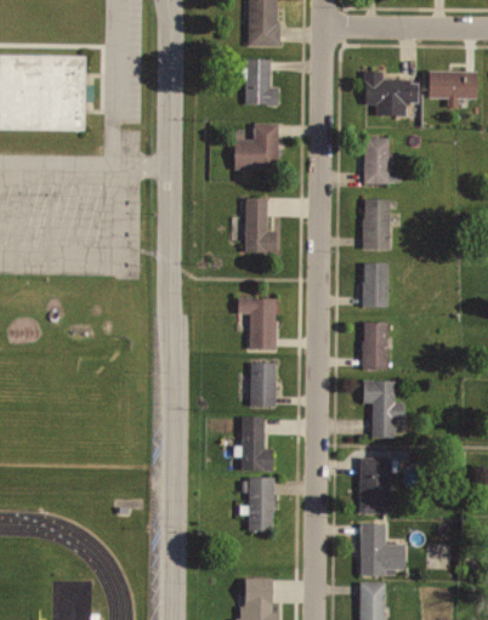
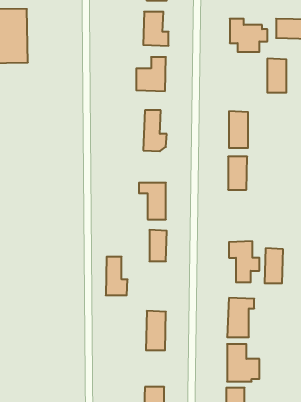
building: [363,137,390,184] -> [267,59,286,93]
building: [362,320,387,369] -> [265,248,283,283]
building: [243,416,273,470] -> [106,257,128,295]

